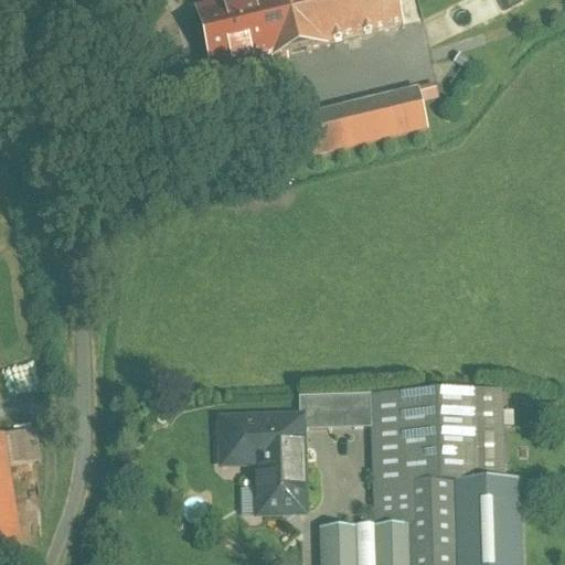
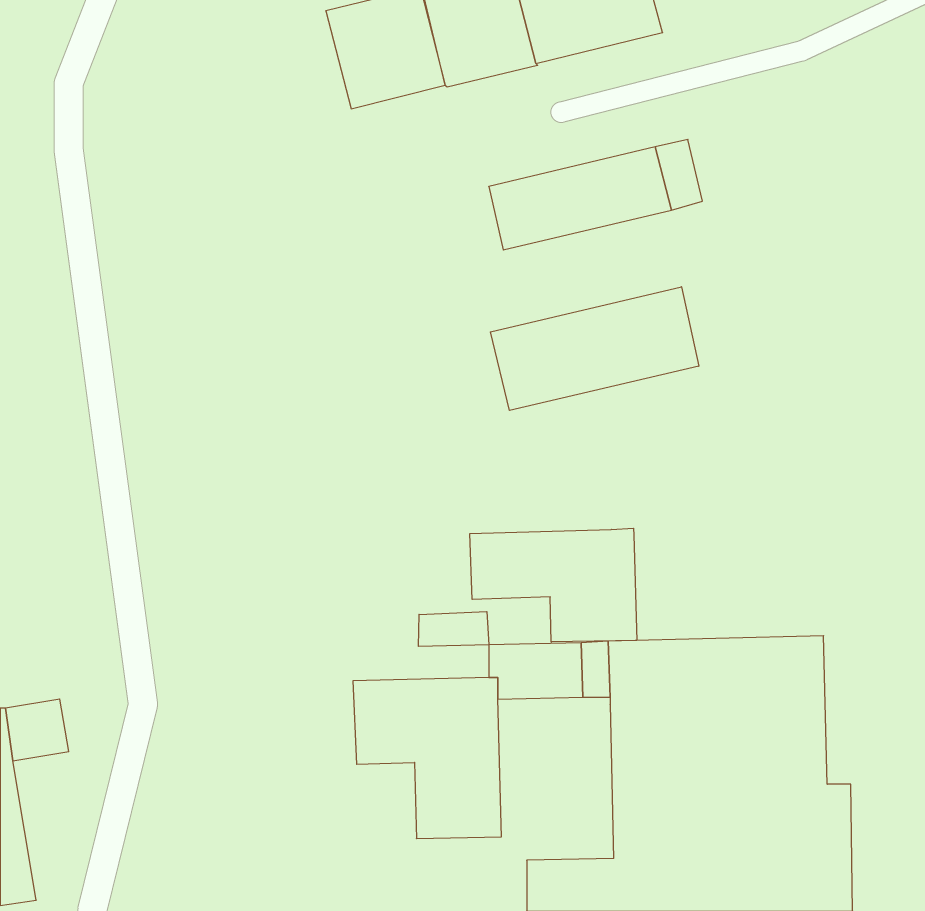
building: none -> [490,287,699,410]
building: none -> [470,528,637,642]
building: none -> [419,612,489,646]

